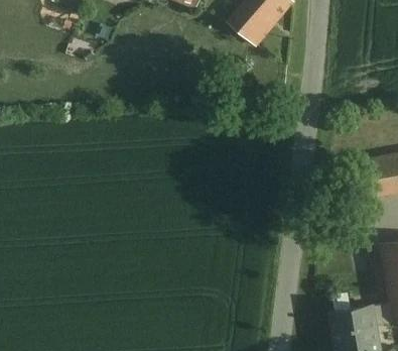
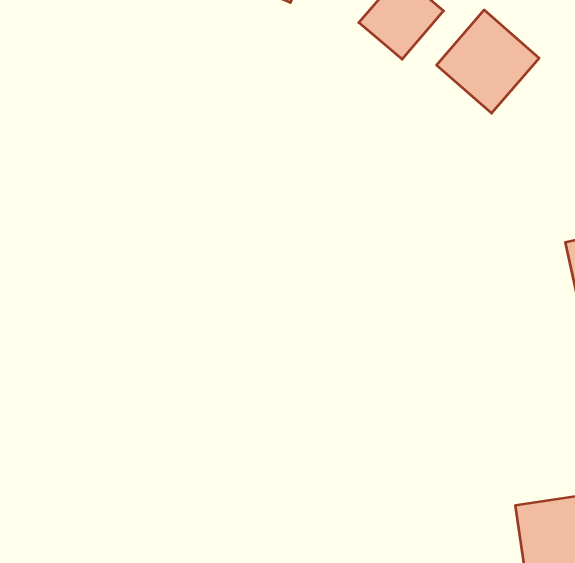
building: none -> [437,10,539,113]

